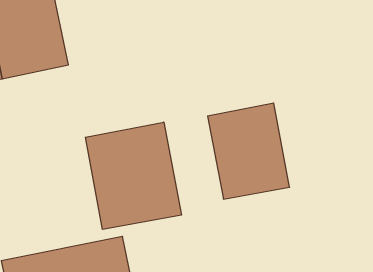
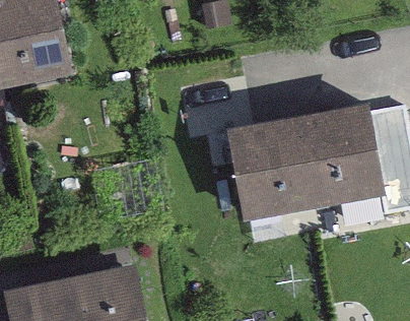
building: none -> [298,105,387,209]
building: [85,122,181,229] -> none

